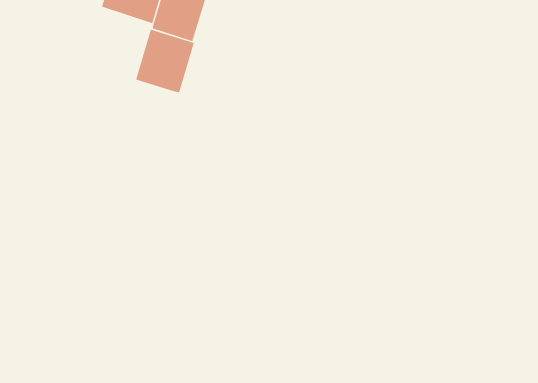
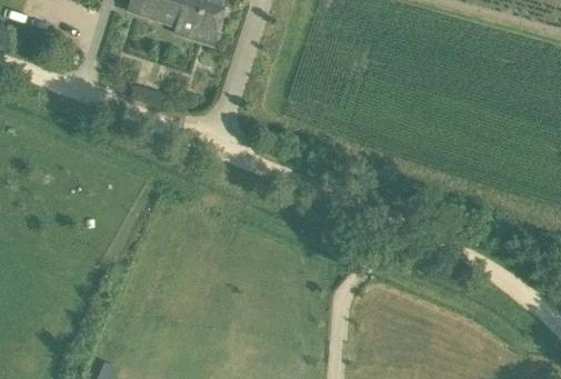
building: [136,29,194,93] -> none

